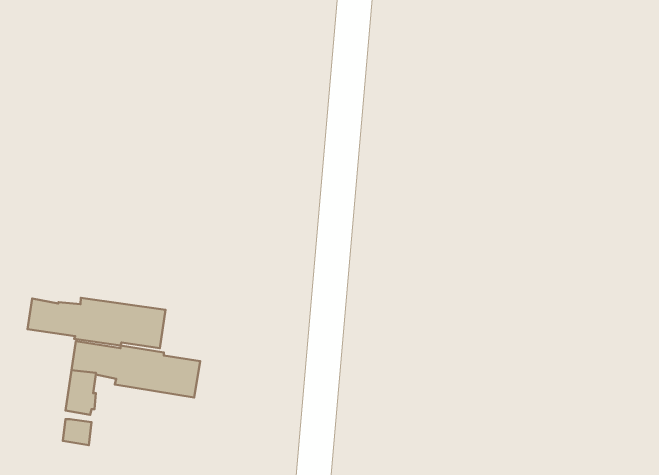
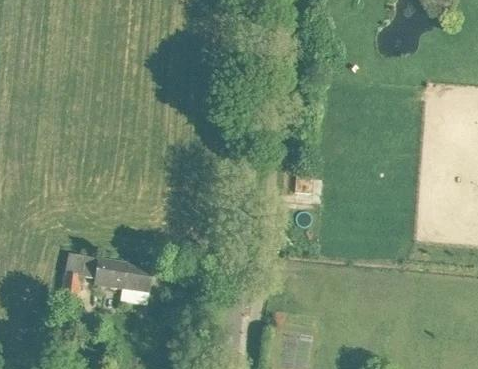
building: [27,298,165,348] -> none

